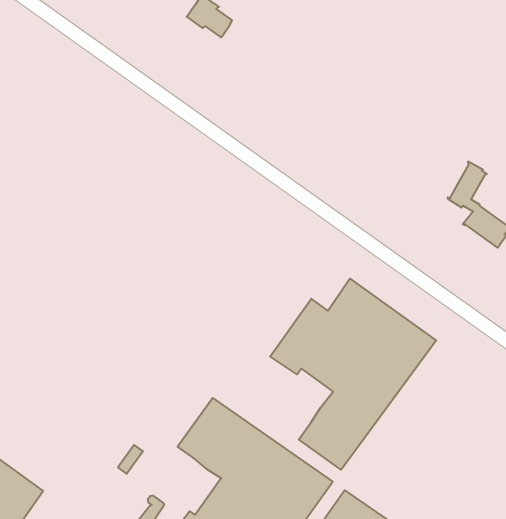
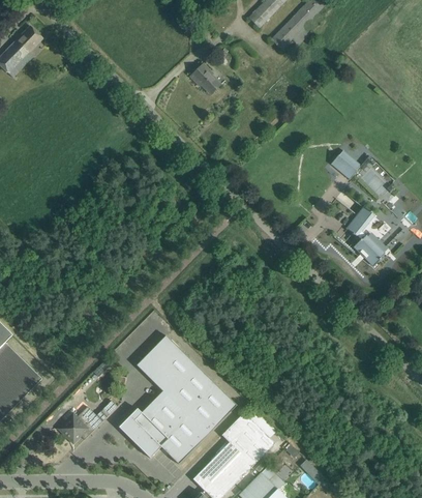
building: none -> [330,150,360,180]
building: [270,279,436,470] -> none

